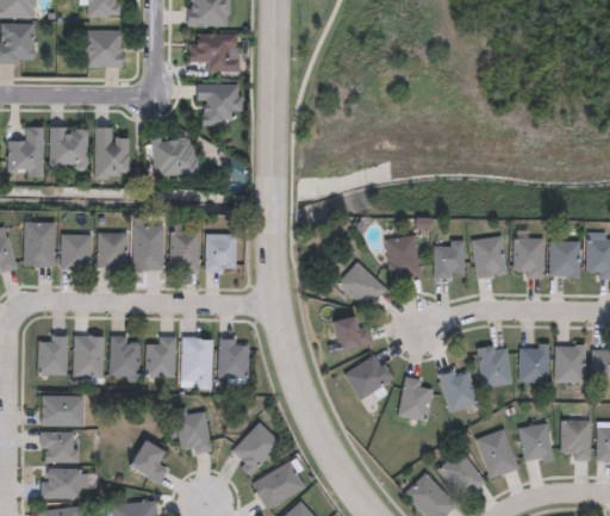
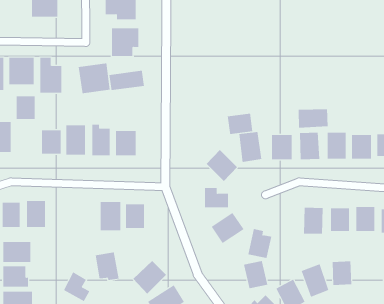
building: none -> [109,70,145,91]
building: none -> [298,108,328,128]
building: none -> [227,113,253,135]
building: [61,234,89,268] -> [16,96,36,120]
building: [148,336,175,377] -> none
building: [111,338,139,375] -> none
building: [440,368,477,410] -> [243,260,268,289]
building: [561,419,590,458] -> none

